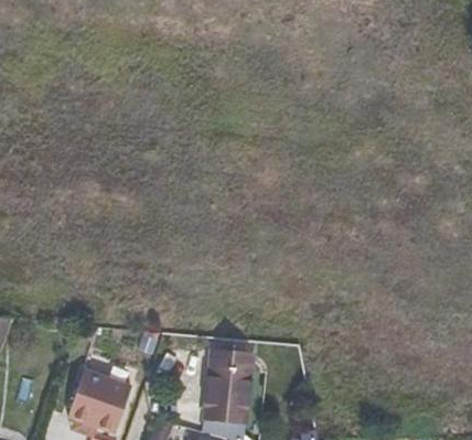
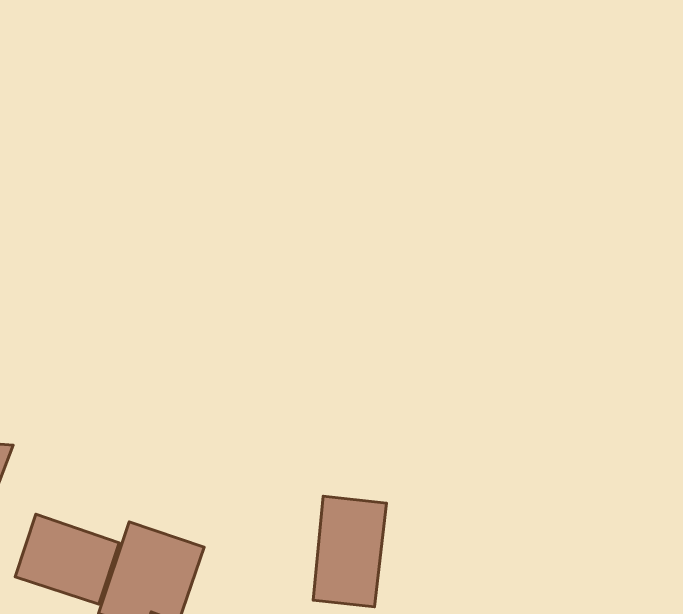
building: none -> [15,514,119,604]

